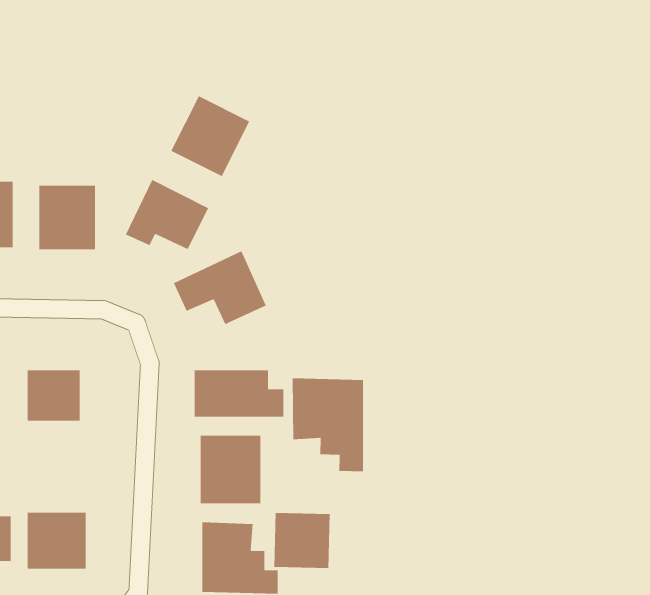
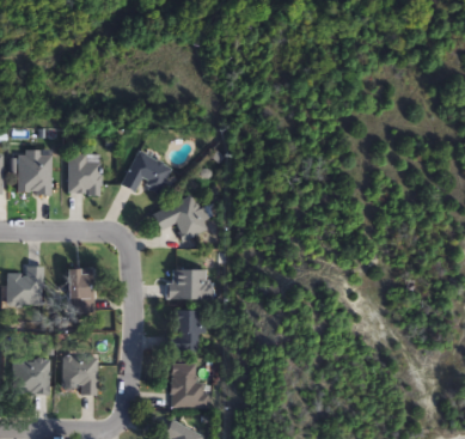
building: [170,95,250,177] -> none
building: [292,378,364,472] -> none
building: [274,512,331,569] -> none

